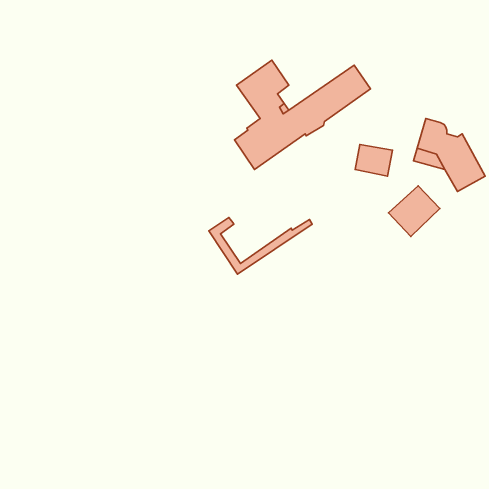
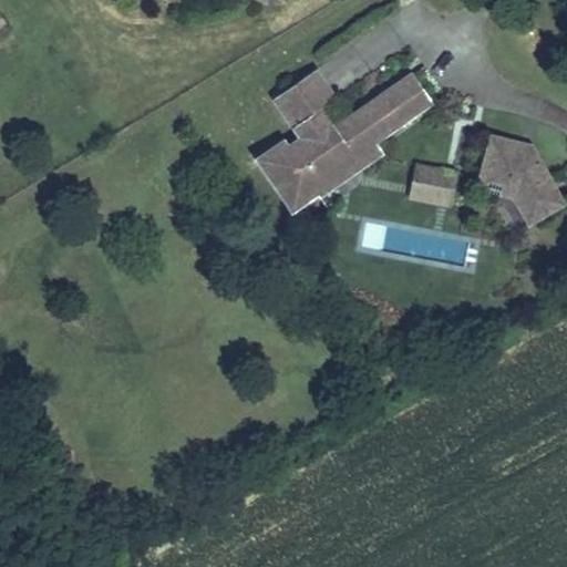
building: [389,186,440,237] -> none
building: [209,218,312,274] -> [258,143,378,208]

